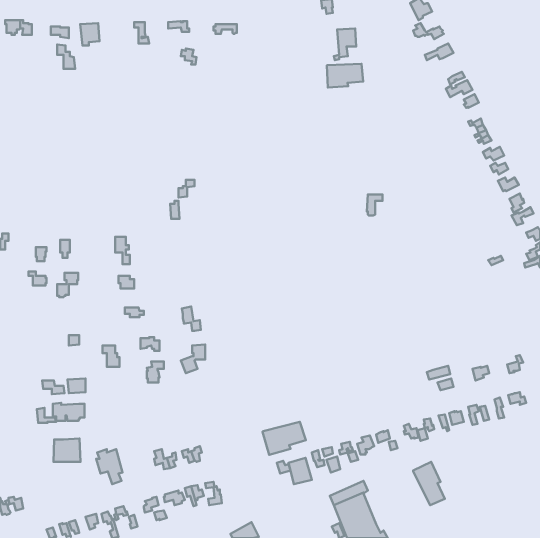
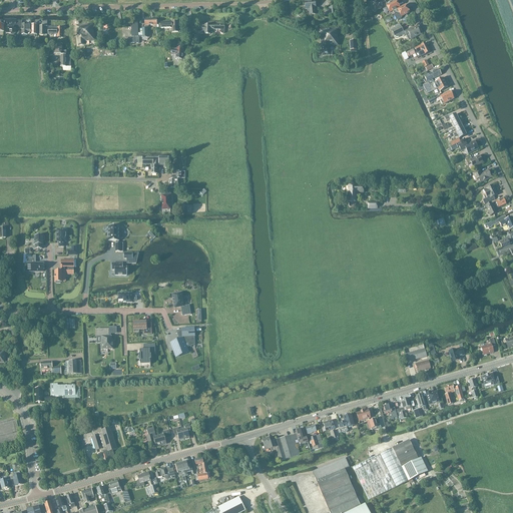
building: [327,64,363,87] -> none
building: [263,422,306,455] -> none
building: [54,439,81,462] -> none
building: none -> [353,447,408,499]

